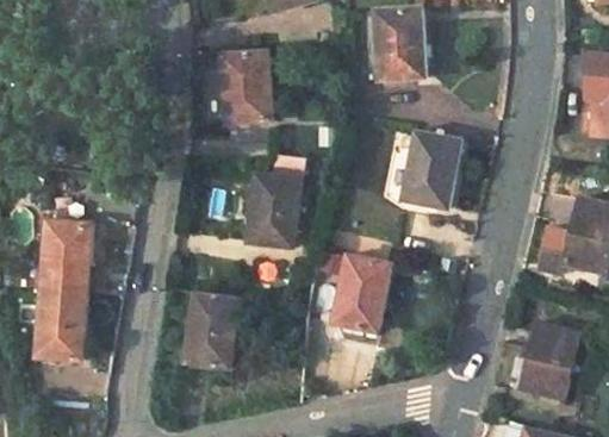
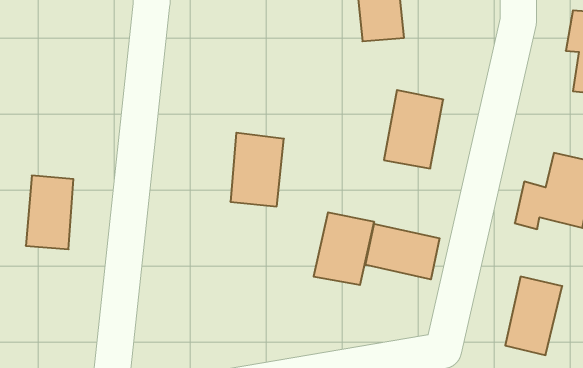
building: [225,56,276,127] -> none
building: none -> [366,224,440,279]
building: [36,287,85,358] -> none
building: [184,293,255,370] -> none

